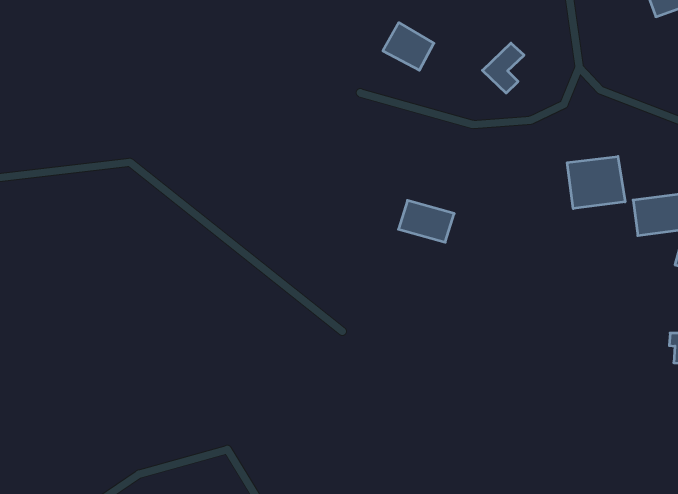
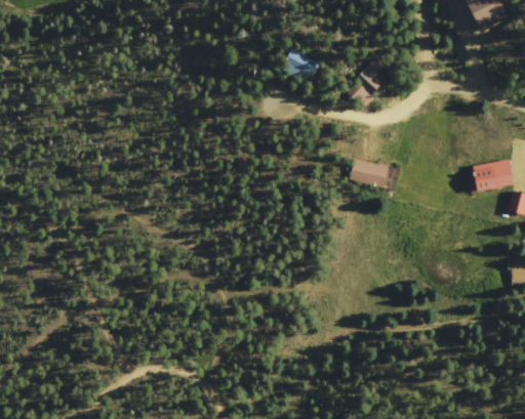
building: [567,156,625,209] -> none
building: [398,200,454,242] -> [349,159,389,187]

